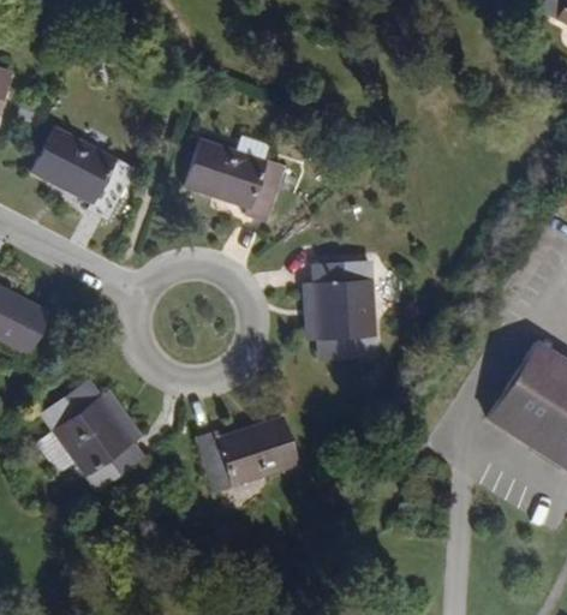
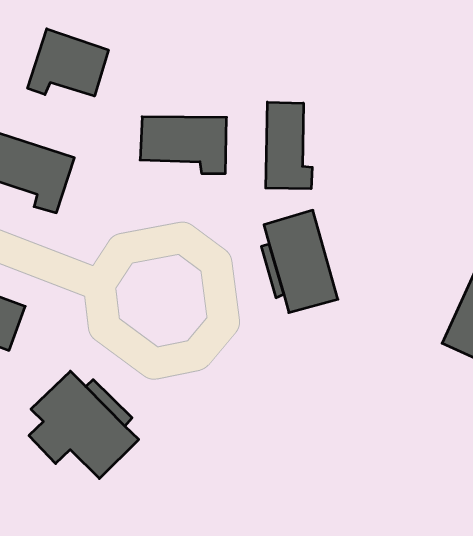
building: none -> [28,29,108,96]
building: none -> [266,102,312,189]
building: [198,412,304,490] -> none

